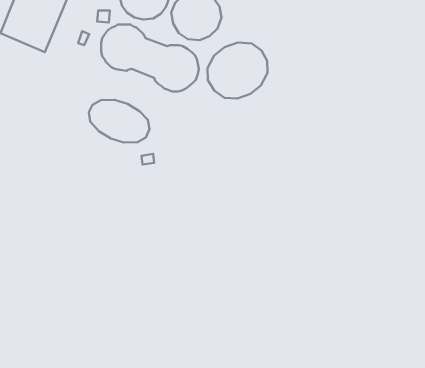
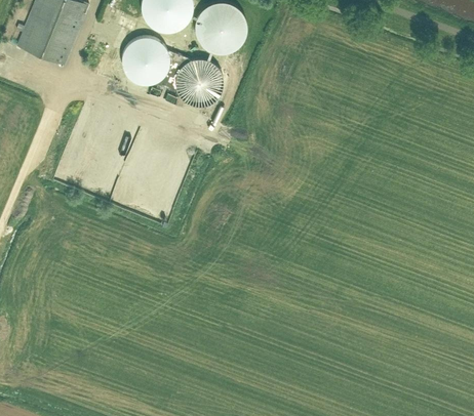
building: [208,43,267,98] -> none
building: [89,100,149,142] -> none

